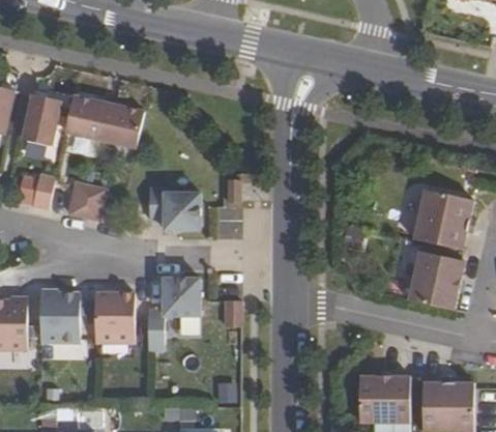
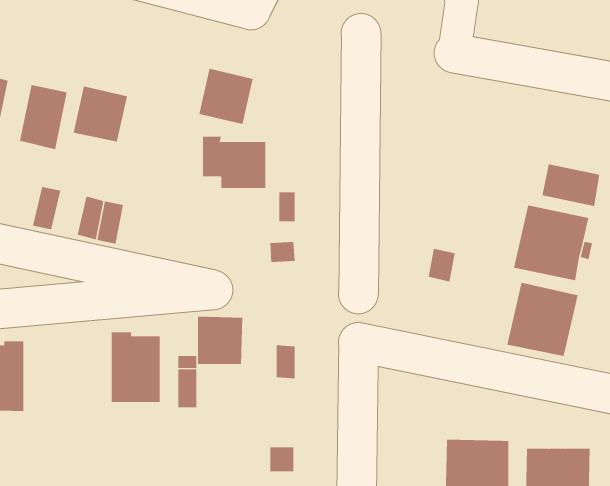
building: [99,103,143,147] -> [198,68,254,125]
building: none -> [542,163,600,207]
building: [148,188,199,229] -> [202,136,266,189]
building: [39,289,79,345] -> none

